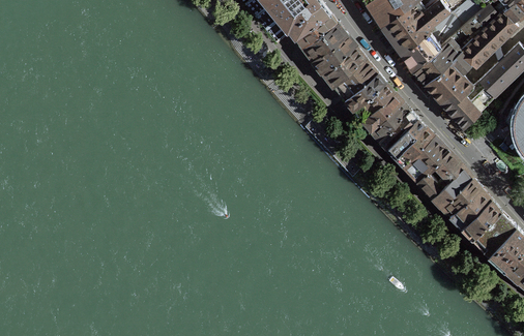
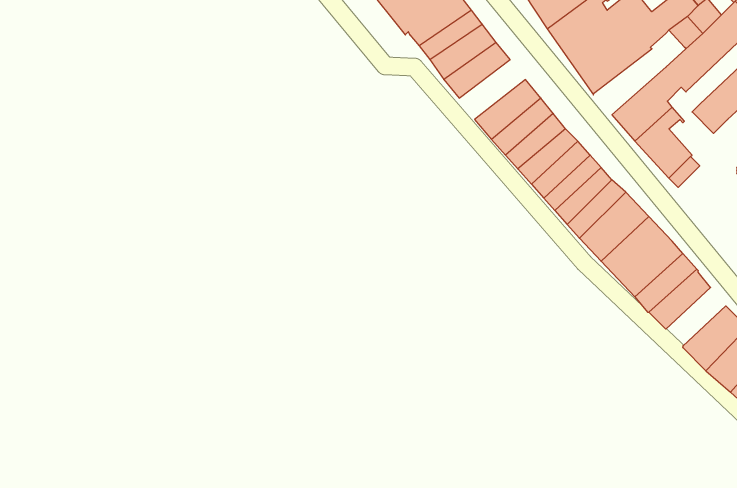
building: [412,29,466,84] -> none
building: [322,47,367,87] -> none
building: [461,200,501,239] -> none

